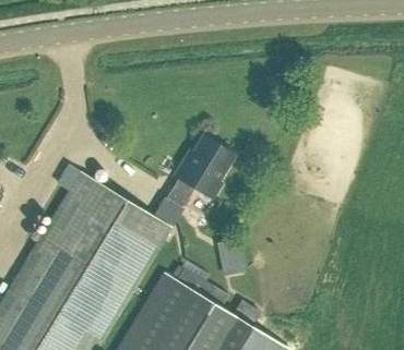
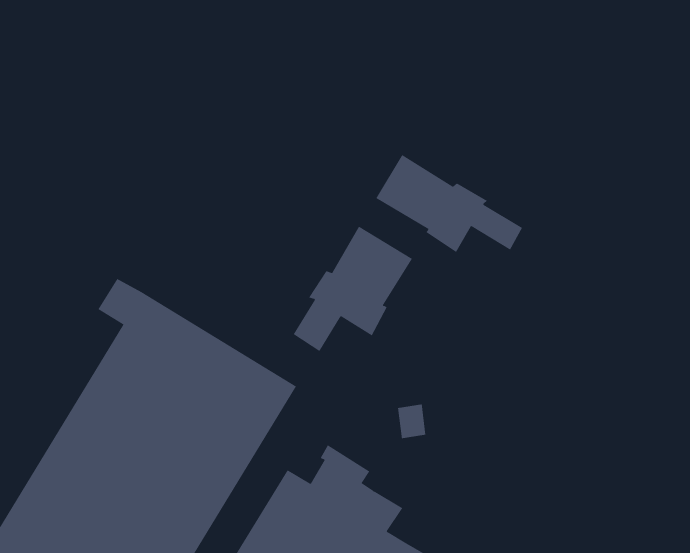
building: none -> [375,154,523,253]

